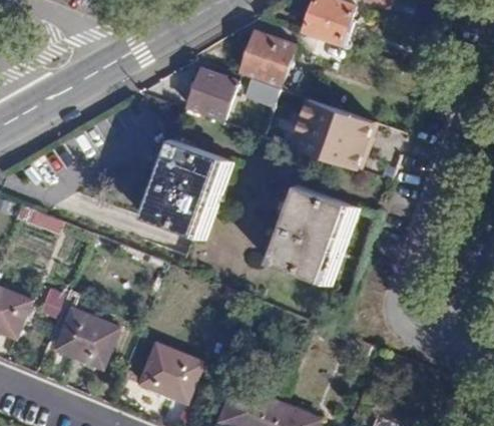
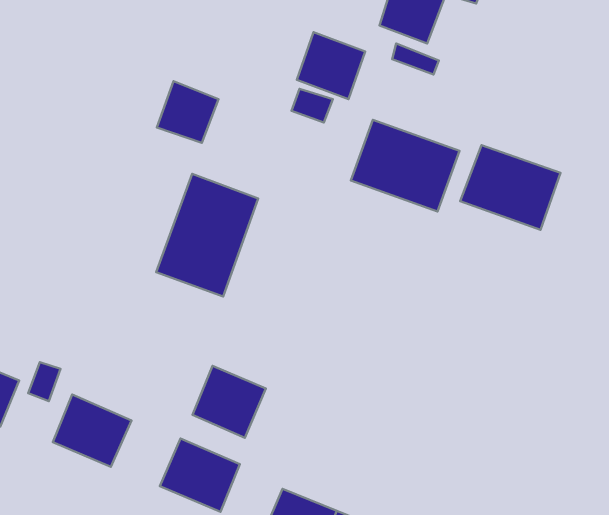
building: [185,66,233,114] -> [157,81,219,143]
building: none -> [460,145,560,230]
building: [267,187,345,284] -> none
building: none -> [192,366,266,438]

